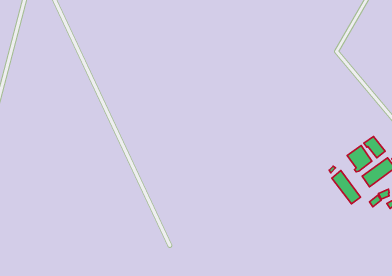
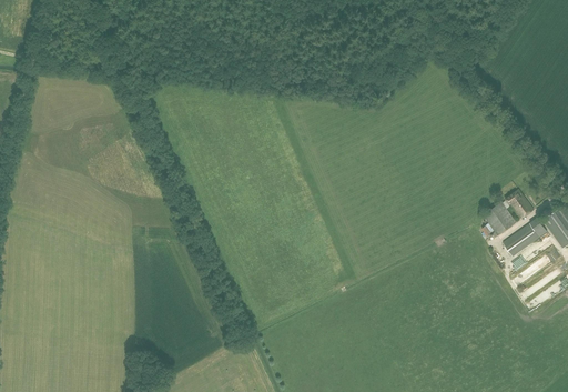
building: [332,171,361,204] -> none

